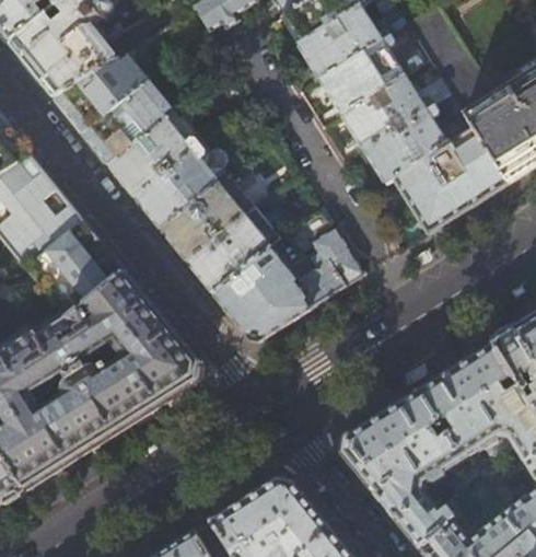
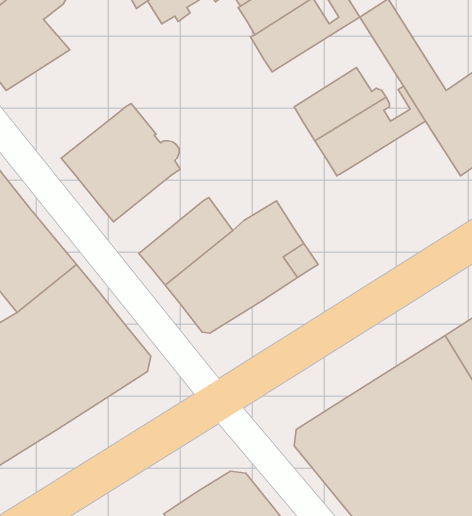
building: [321,36,415,116] -> none
building: [55,55,174,167] -> none
building: [395,130,509,235] -> none
building: [162,185,252,263] -> none

